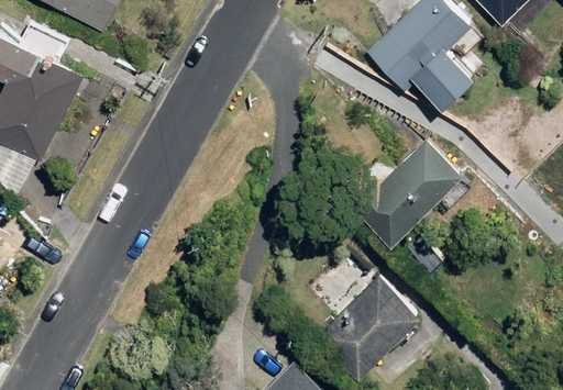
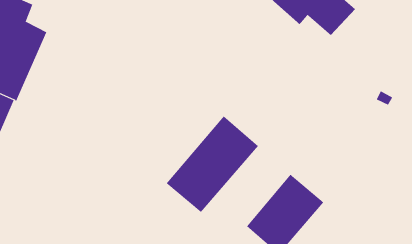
building: [347,140,463,248] -> none
building: none -> [166,116,259,213]

